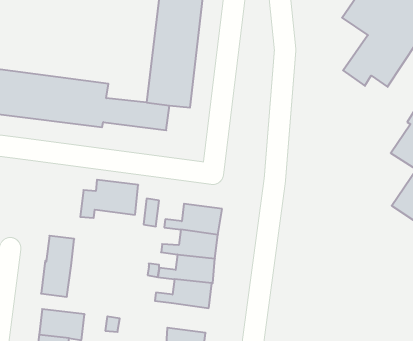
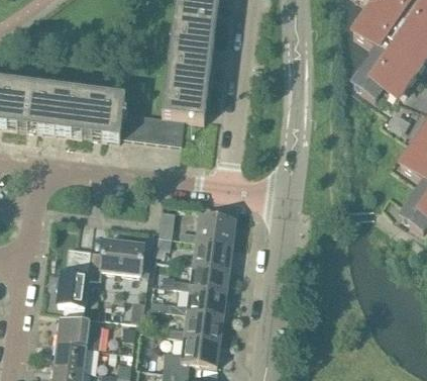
building: [80,180,138,218] -> [89,239,145,276]
building: none -> [168,311,223,341]

